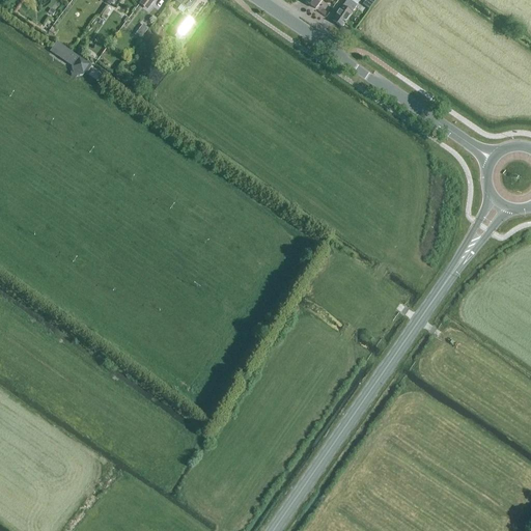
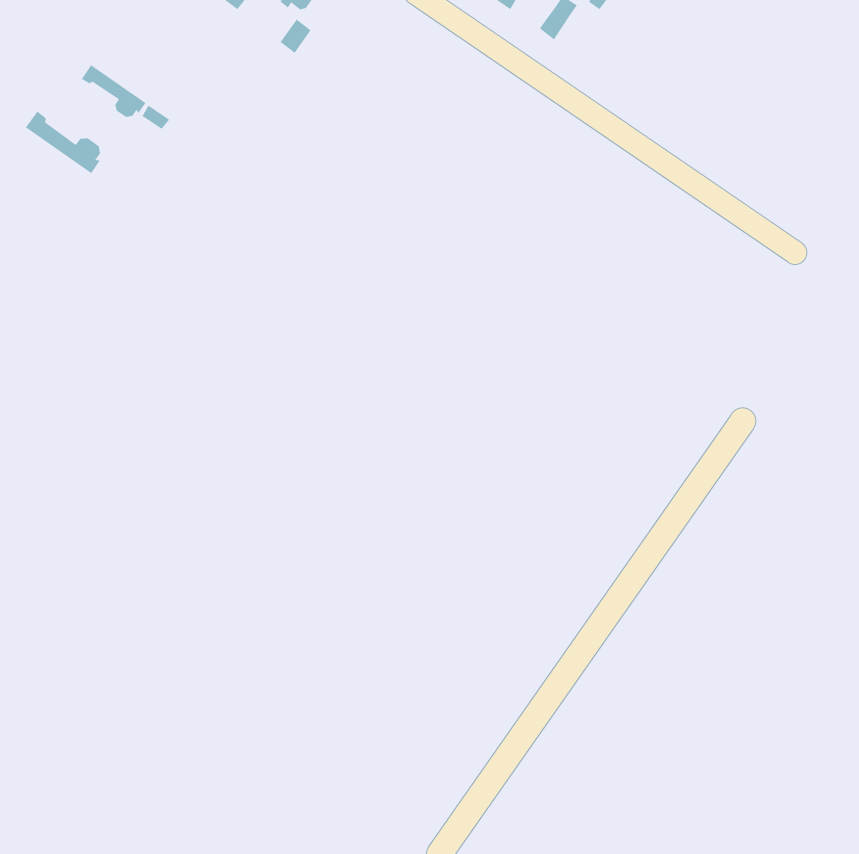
building: none -> [25,111,101,174]

